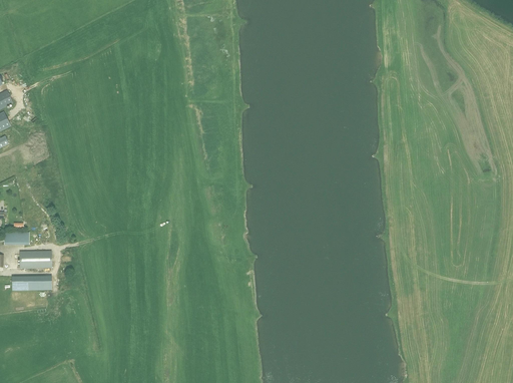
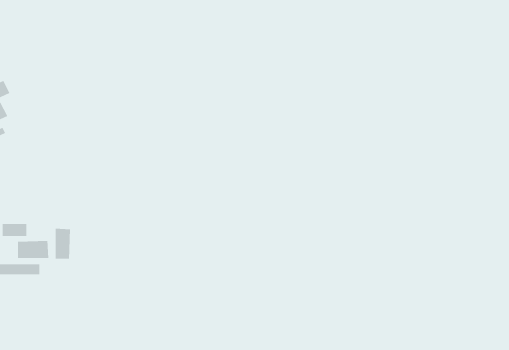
building: none -> [55,228,70,260]

